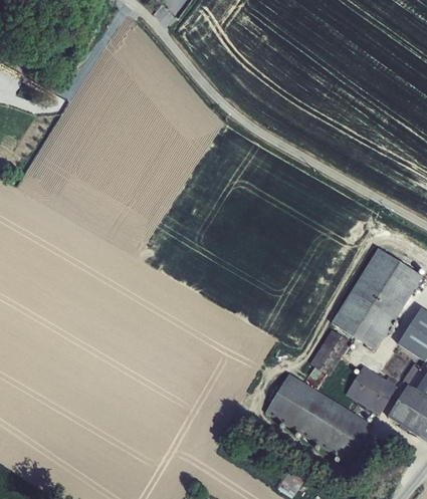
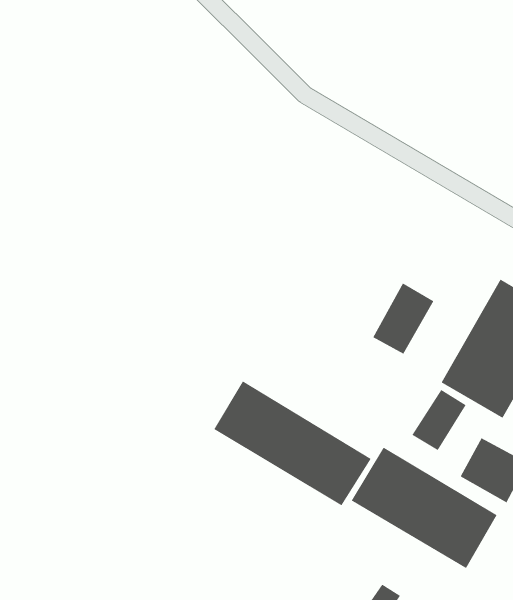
building: none -> [372,282,434,355]
building: none -> [214,381,372,506]

